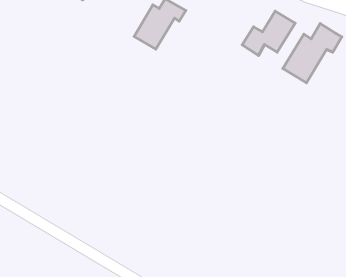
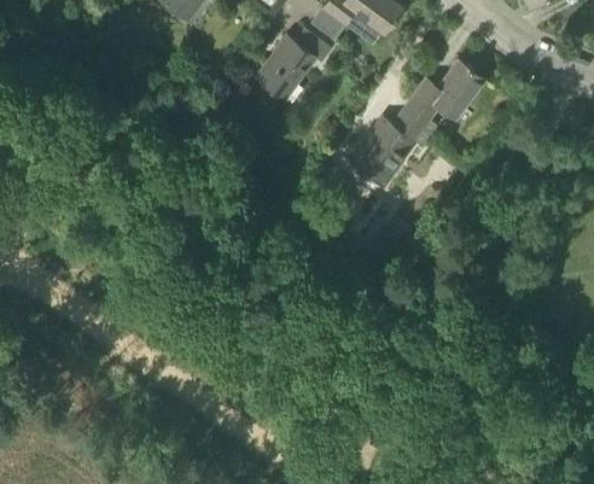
building: [283,23,342,83] -> [349,103,436,185]

